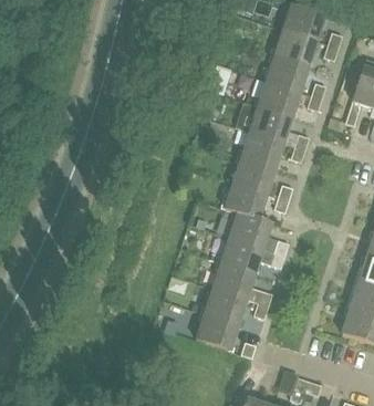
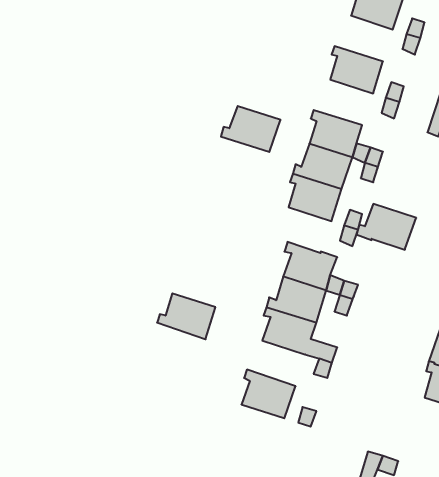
building: [270,29,316,65] -> none
building: [253,80,301,116] -> [221,106,281,152]
building: [220,181,268,218] -> [357,204,416,250]
building: [200,288,247,324] -> [157,293,215,339]

